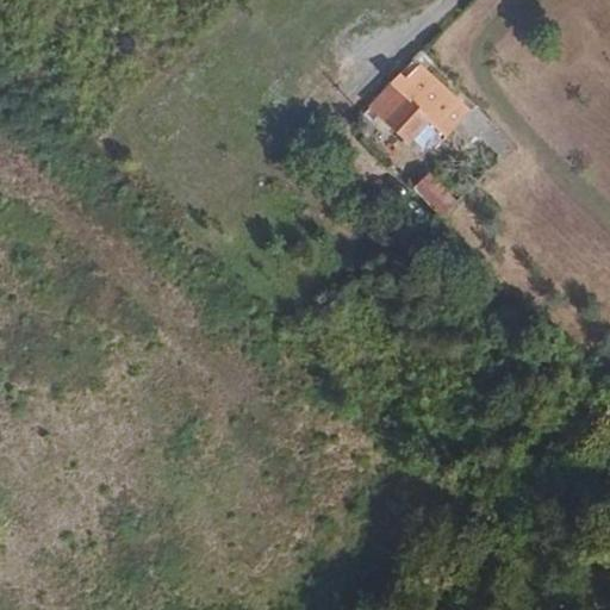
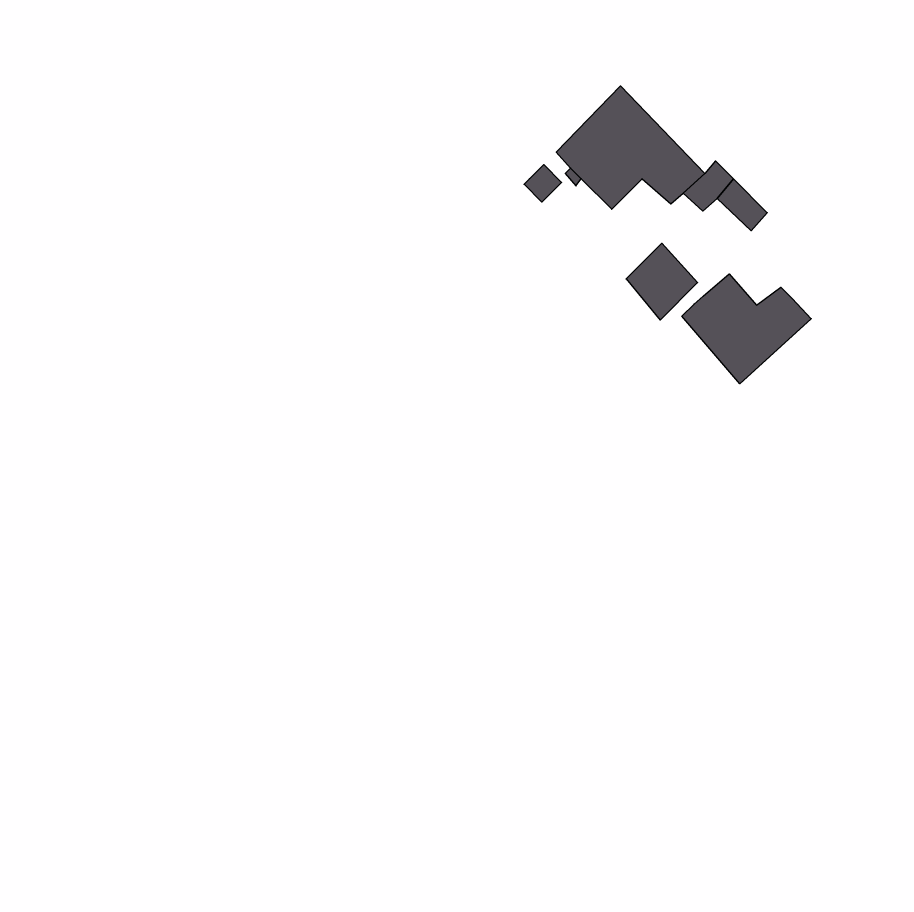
building: none -> [682,274,811,384]

